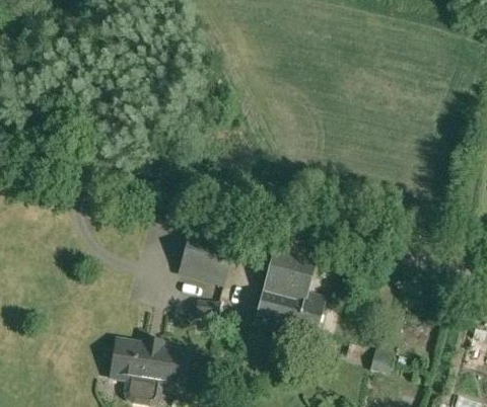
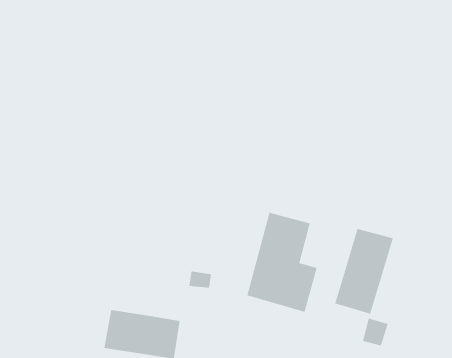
building: [179,233,233,286] -> none
building: none -> [335,228,394,315]

